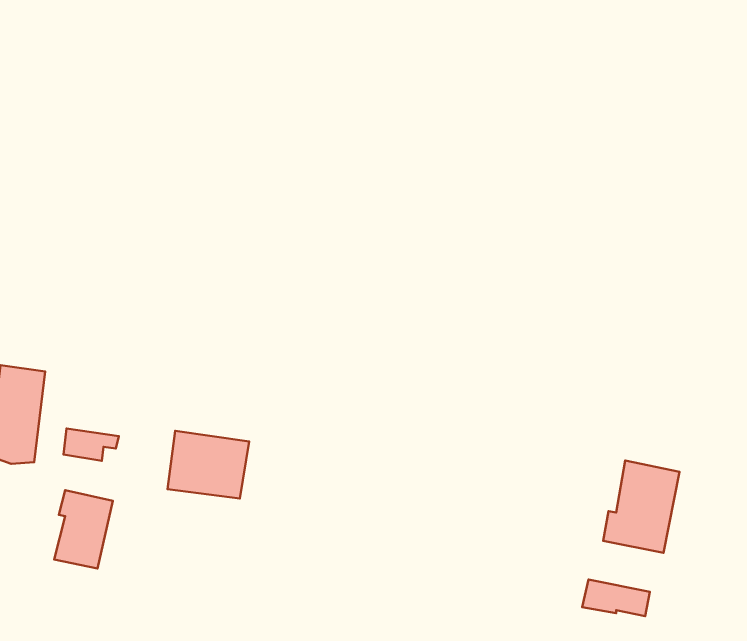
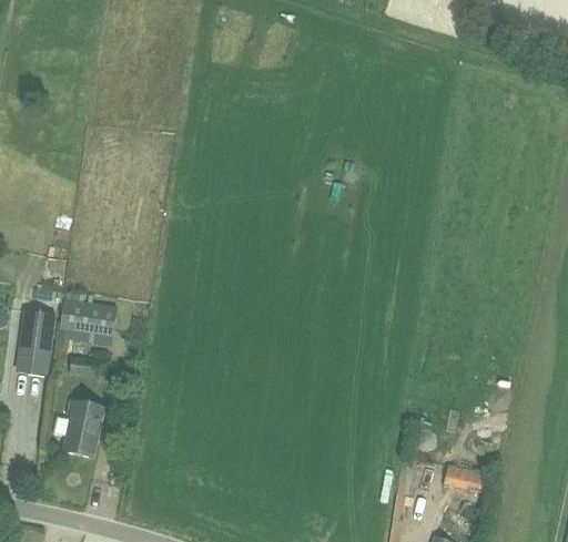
building: [168,431,249,499] -> [58,297,116,346]
building: [603,460,679,553] -> none

